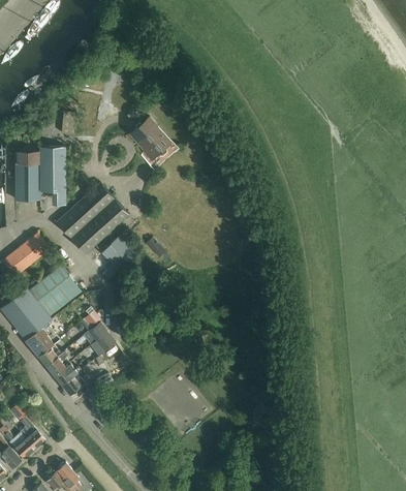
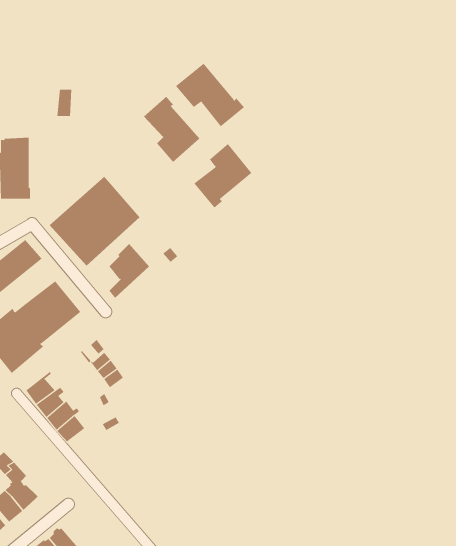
building: none -> [175,63,245,127]
building: [39,147,65,191] -> none
building: none -> [194,143,252,208]
building: [25,316,59,354] -> none

